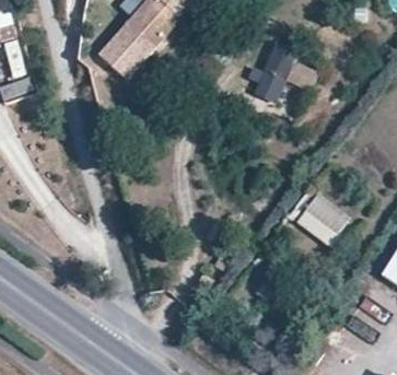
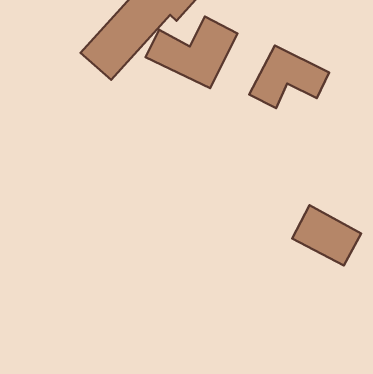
building: none -> [145,16,237,88]

